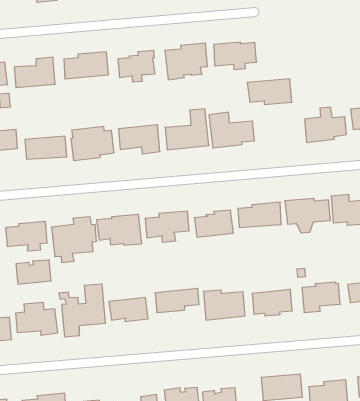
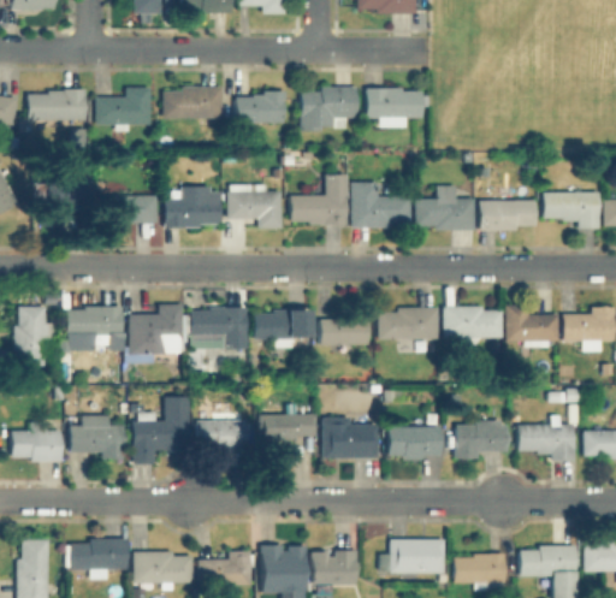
building: [247,79,292,104] -> [416,199,474,230]
building: [16,260,51,284] -> none

